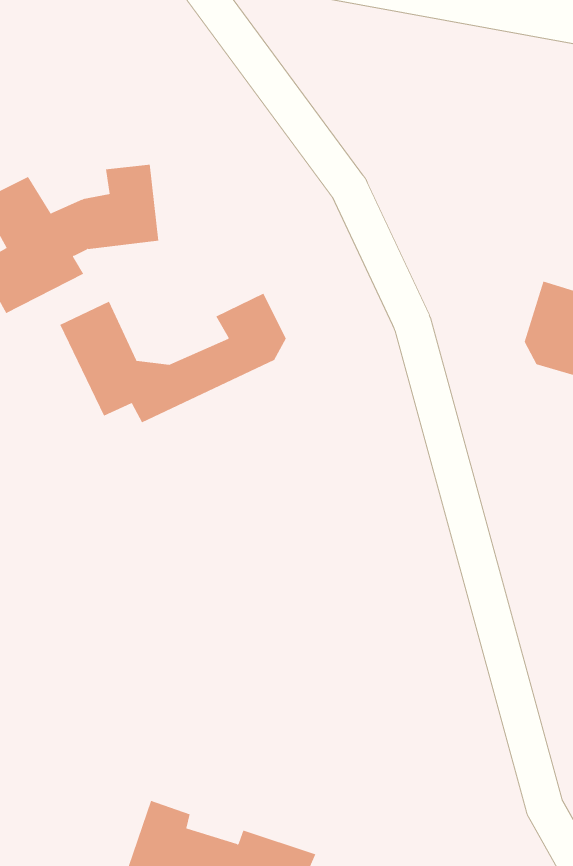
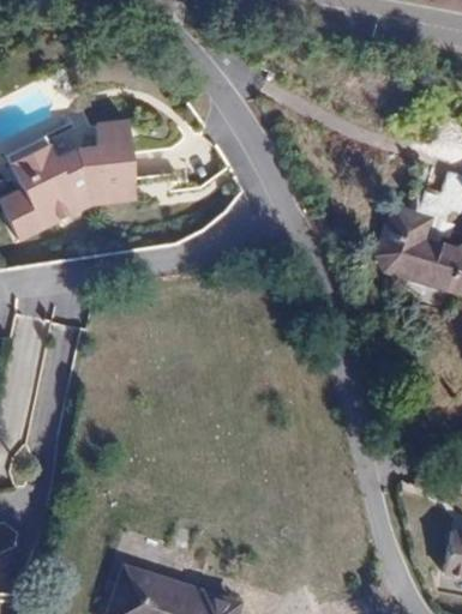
building: [60,293,287,423] -> none

